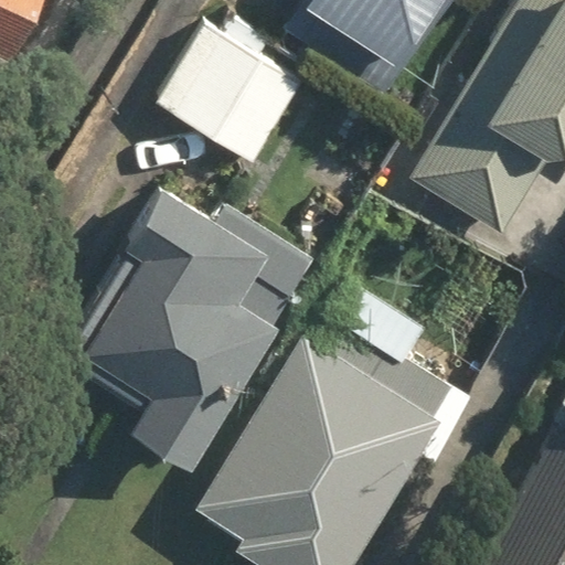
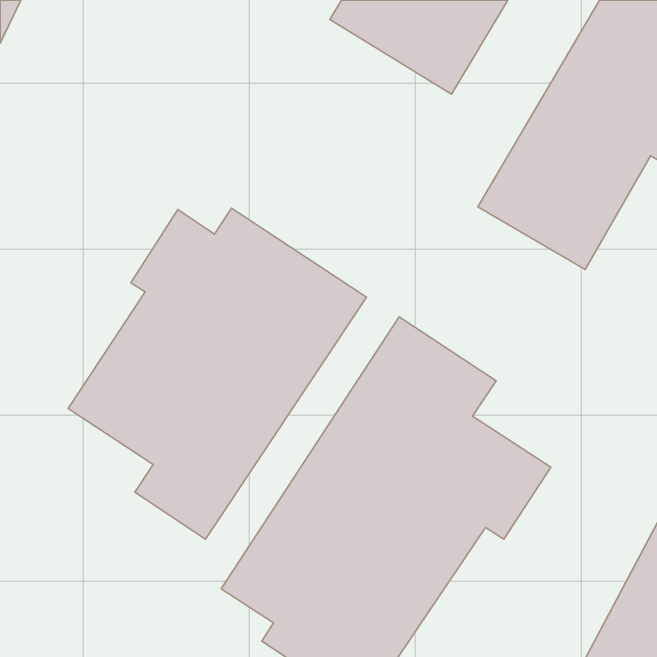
building: [157,23,305,164] -> none

